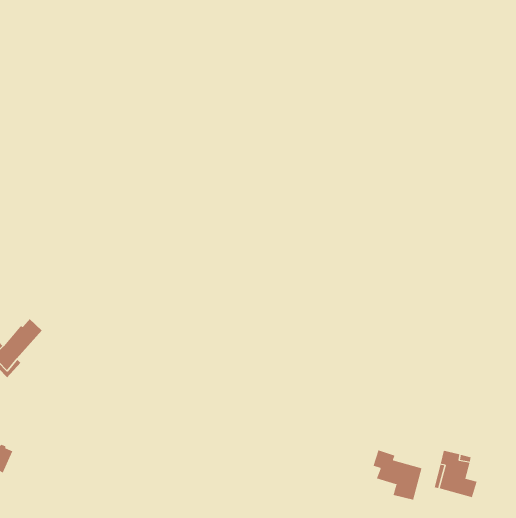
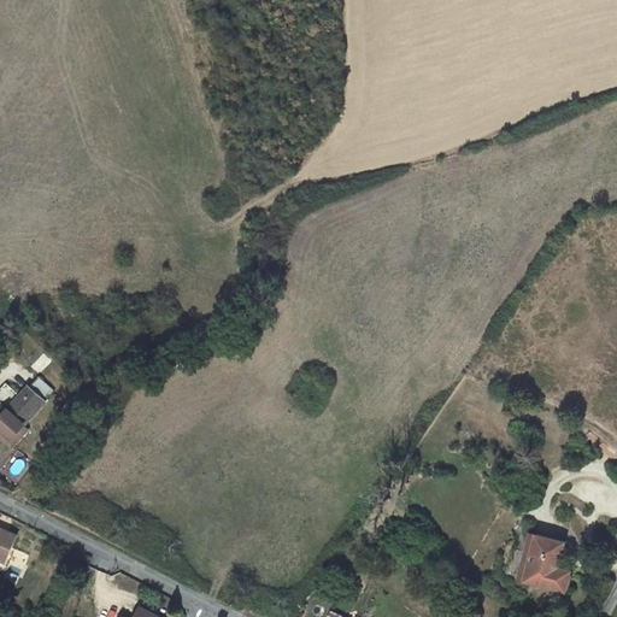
building: [373,450,422,500] -> none

